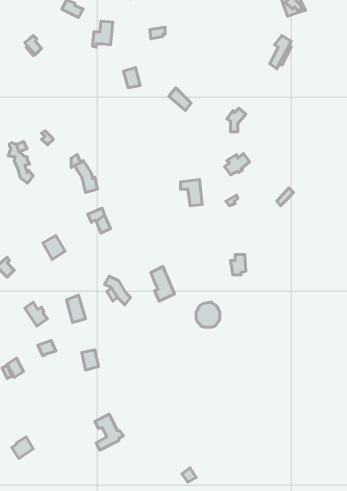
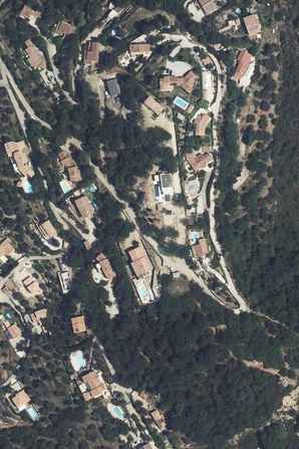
building: none -> [159,71,195,92]

